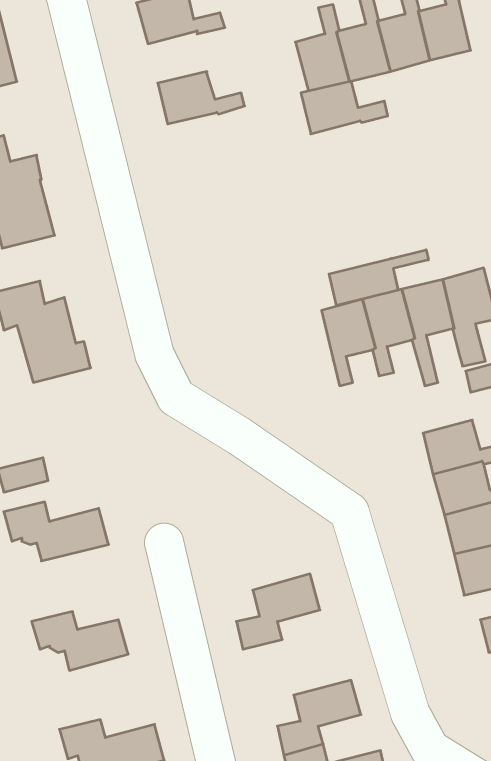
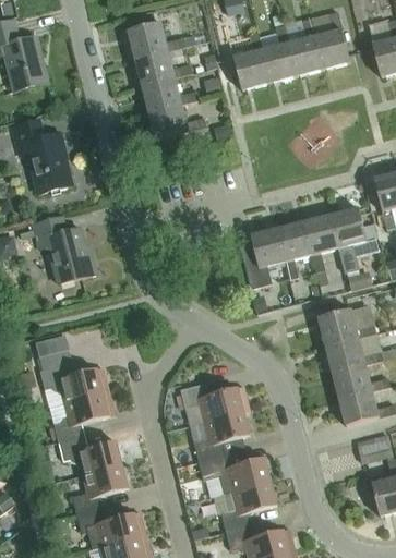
building: none -> [135,48,193,83]
building: [301,82,388,134] -> [148,102,206,137]
building: [329,250,428,306] -> none
building: none -> [180,381,249,421]
building: none -> [53,390,115,441]
building: none -> [199,453,271,493]
building: none -> [72,463,128,513]

